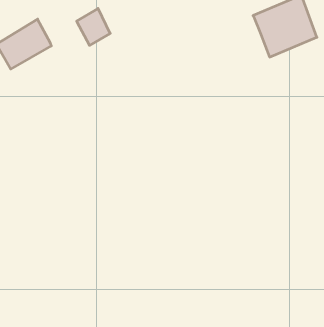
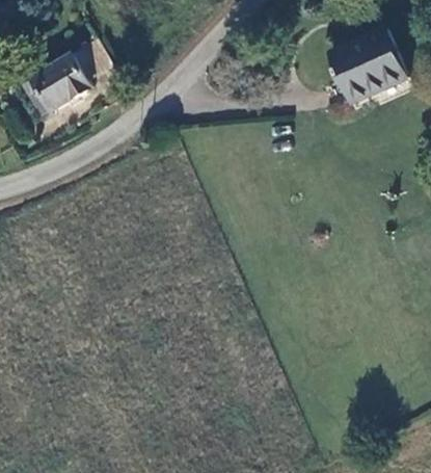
building: [77,8,110,45] -> [69,43,109,87]

